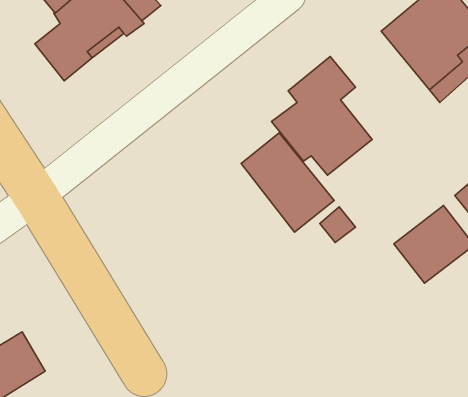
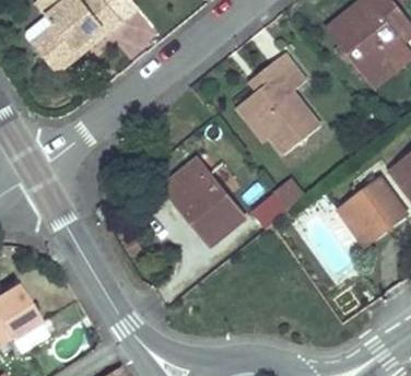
building: [241,133,334,232] -> [165,161,245,246]

